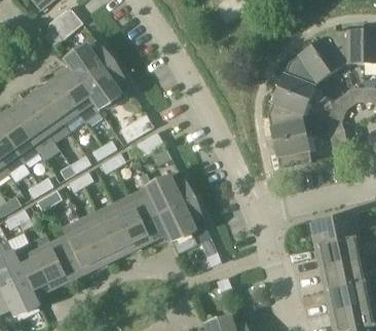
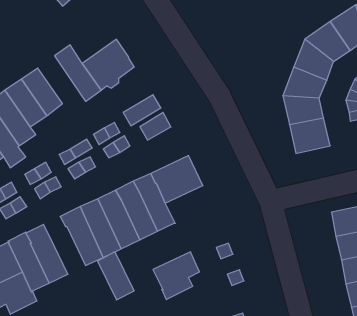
building: [65,44,114,85] -> none
building: [41,78,85,131] -> none
building: [159,198,202,243] -> [153,252,199,300]
building: [51,236,85,281] -> [98,252,134,300]

